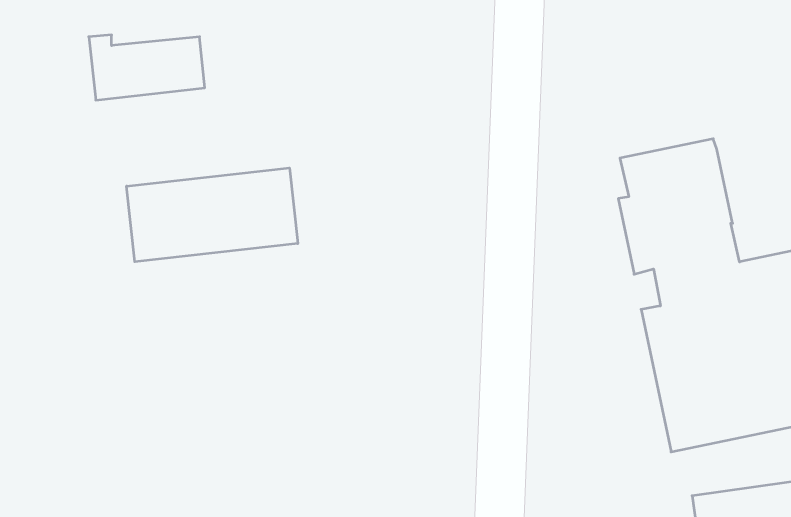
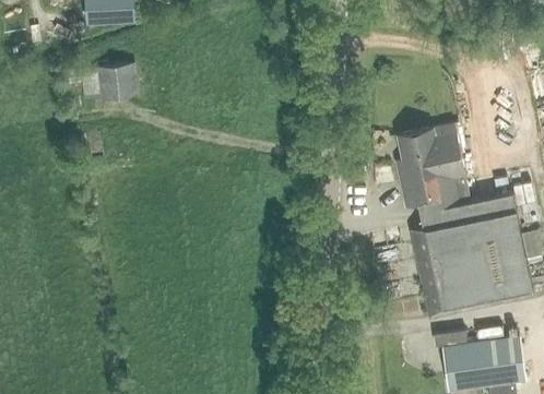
building: [127,168,298,262] -> none

